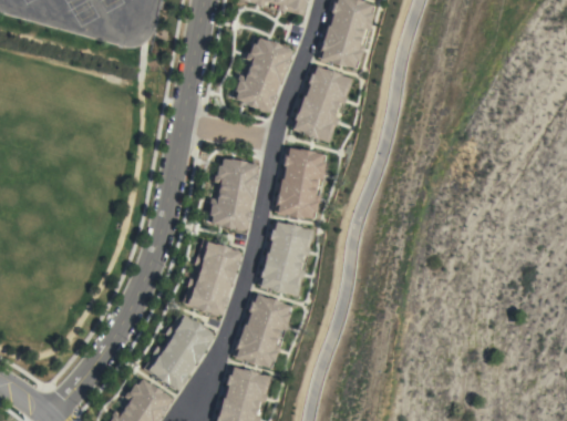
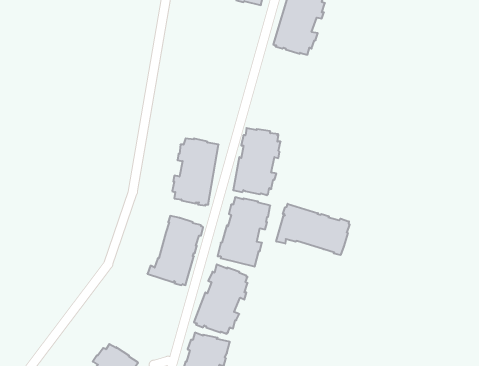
building: [235,38,293,113] -> none
building: [291,64,353,143] -> none
building: none -> [276,204,350,255]
building: [144,315,216,391] -> none

